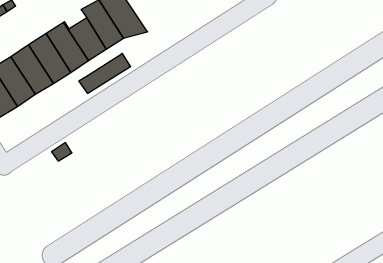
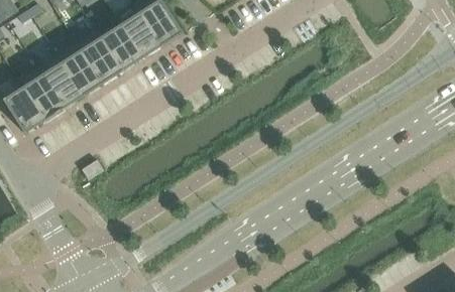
building: [79,53,131,93] -> none

